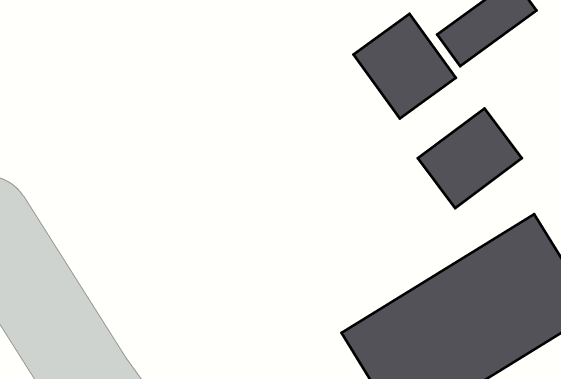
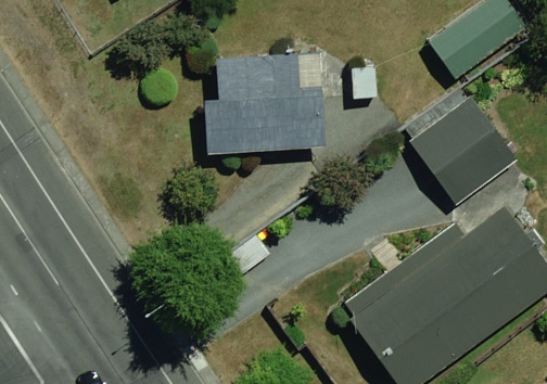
building: [354,14,456,119] -> none
building: none -> [195,52,334,156]

